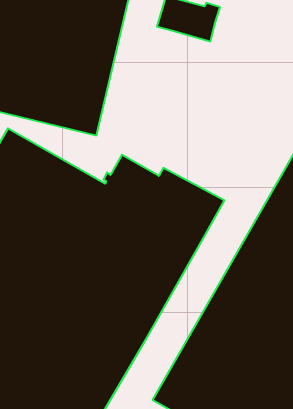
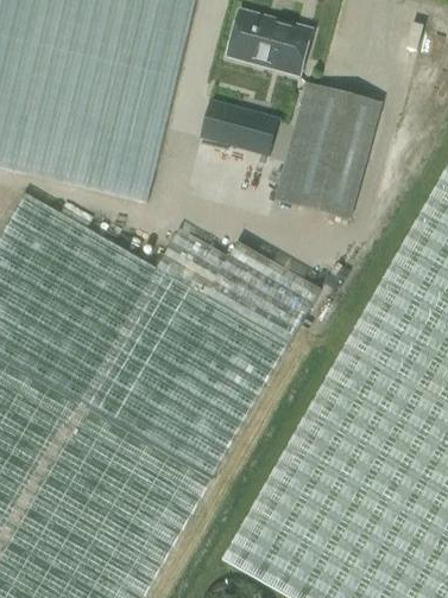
building: none -> [275,83,380,221]
building: none -> [200,101,278,154]

